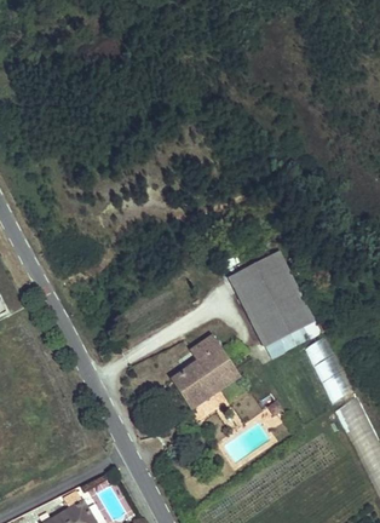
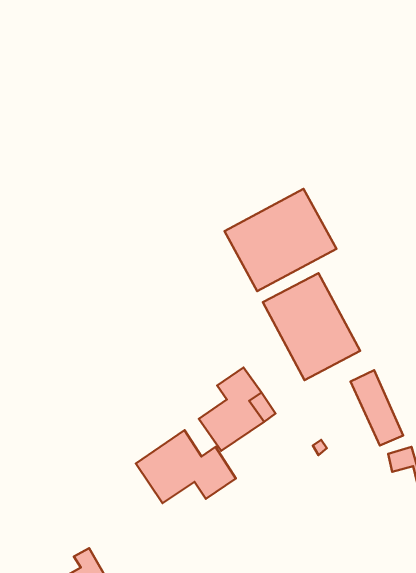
building: none -> [224,189,336,291]
building: none -> [136,430,236,503]

